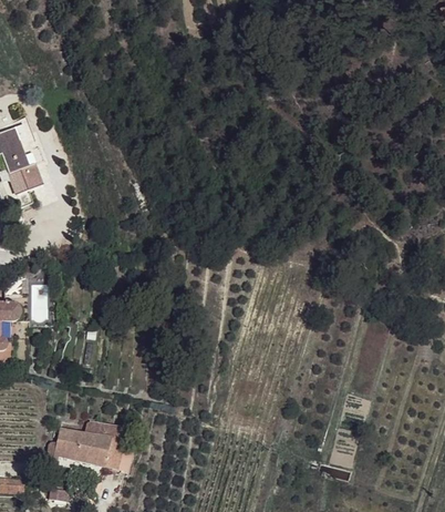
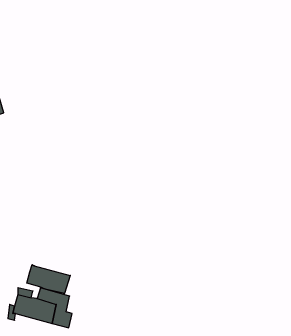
building: none -> [27,265,70,294]

